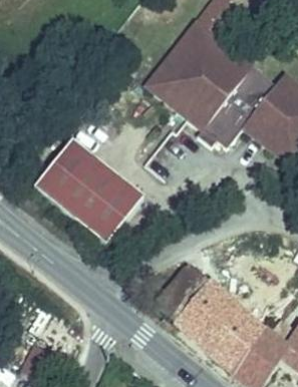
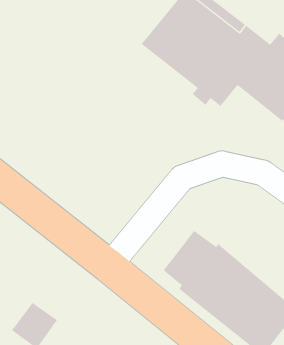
building: [34,144,143,249] -> none

